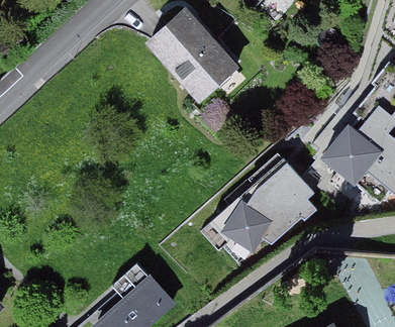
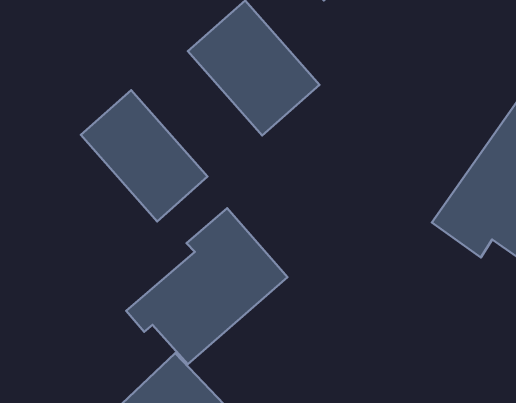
building: none -> [81,90,208,221]
building: [203,154,319,266] -> [126,208,287,364]

